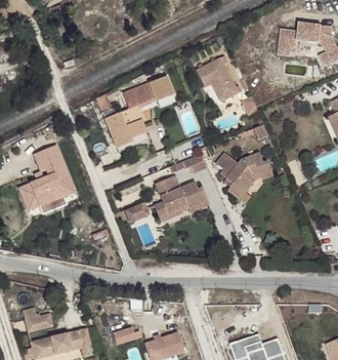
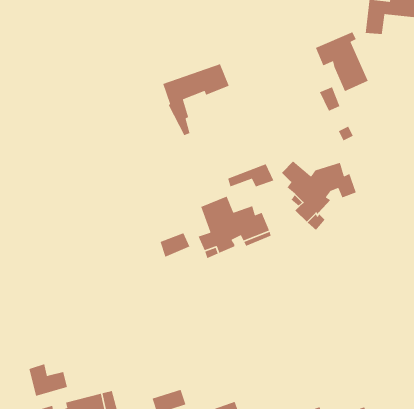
building: [198,54,239,101] -> [315,31,369,92]
building: [105,109,140,147] -> none
building: [20,146,75,210] -> none

